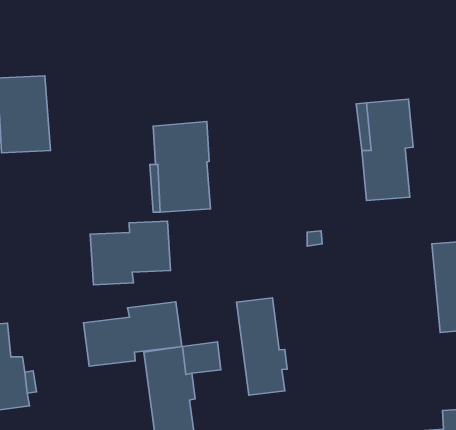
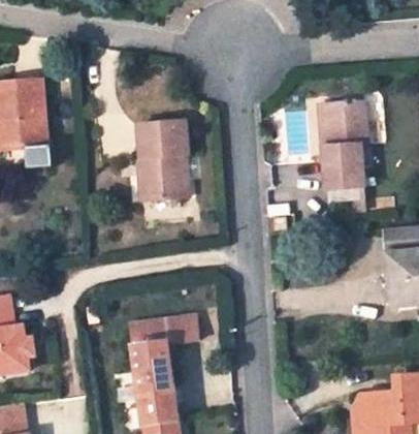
building: [90,221,170,285] -> none
building: [237,298,287,395] -> none
building: [83,302,182,366] -> none

